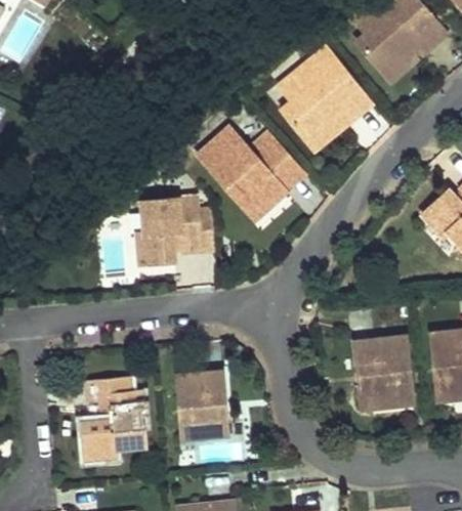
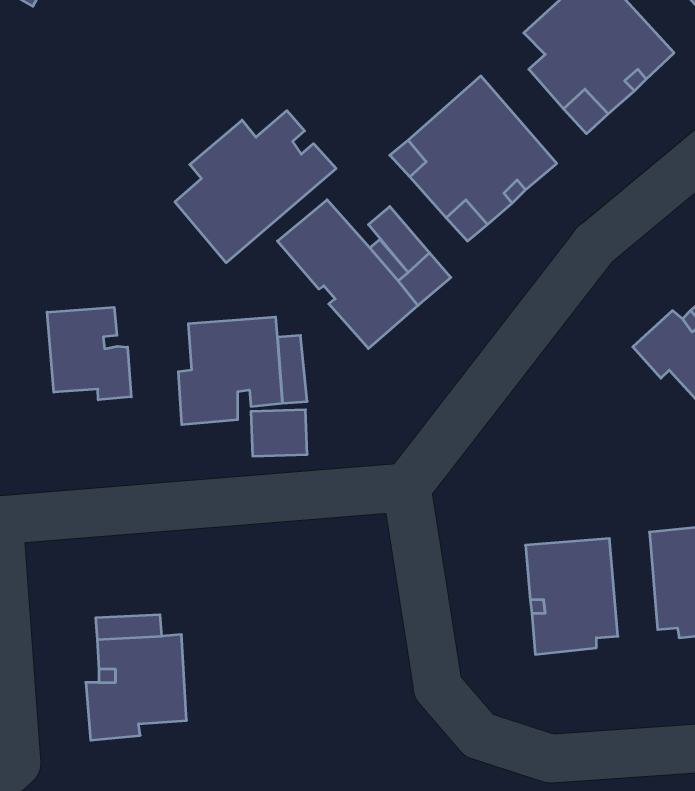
building: none -> [175,111,336,263]
building: none -> [47,307,131,400]
building: [174,370,230,436] -> none

